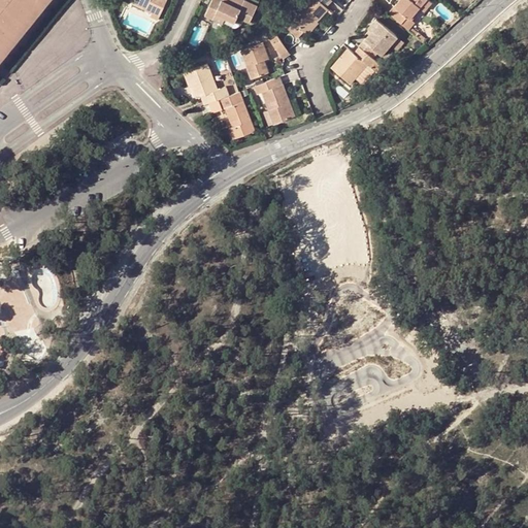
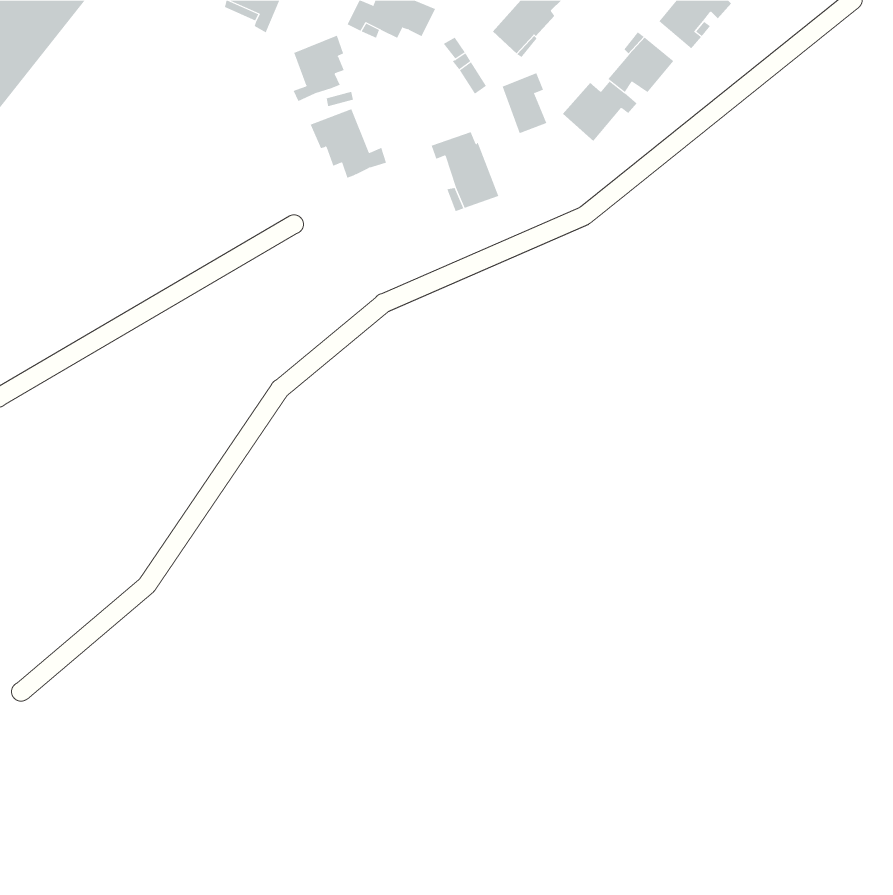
building: none -> [293,35,345,102]
building: [241,42,268,78] -> [502,72,547,134]
building: [209,92,255,138] -> none

